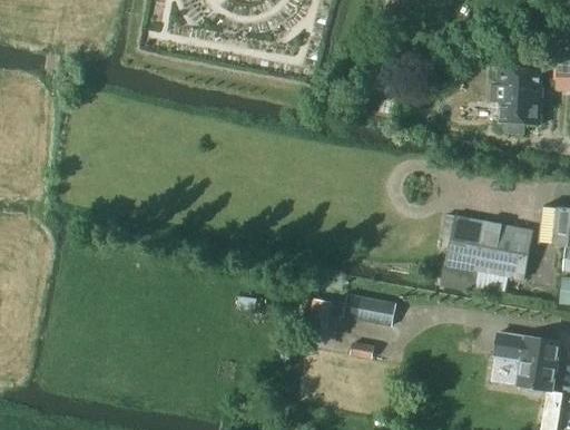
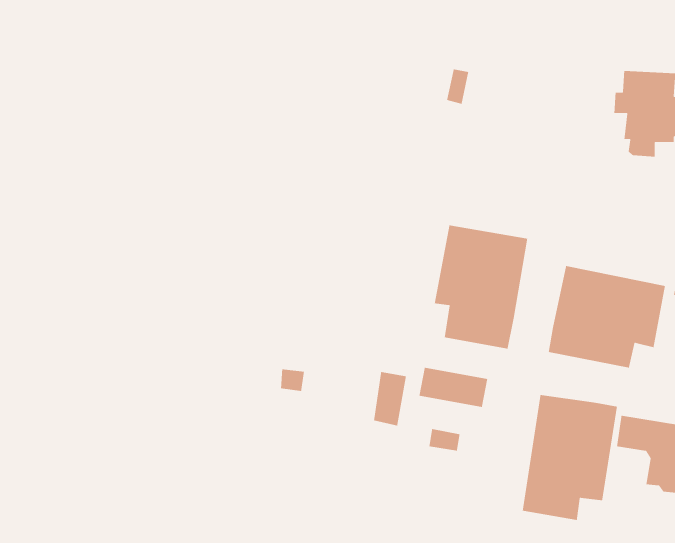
building: none -> [434,224,528,349]
building: none -> [522,394,618,521]

